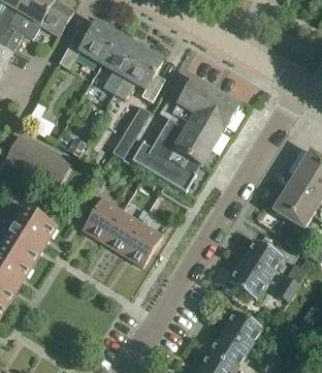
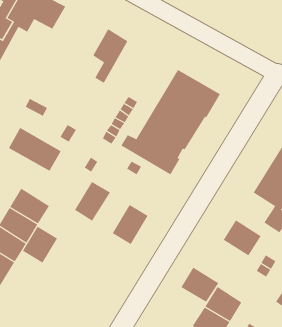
building: [60,22,119,68] -> none
building: [115,48,165,101] -> none
building: [102,210,141,253] -> none
building: none -> [22,226,58,263]
building: [228,260,269,299] -> [180,267,219,302]

